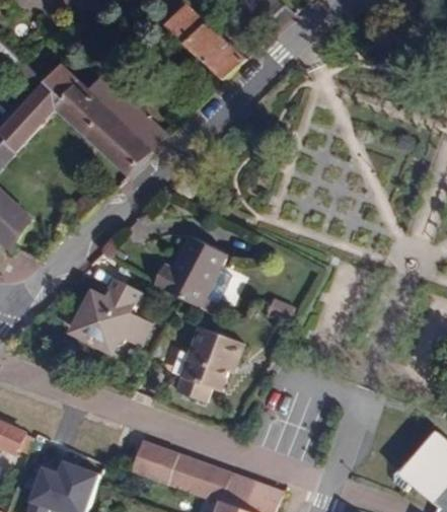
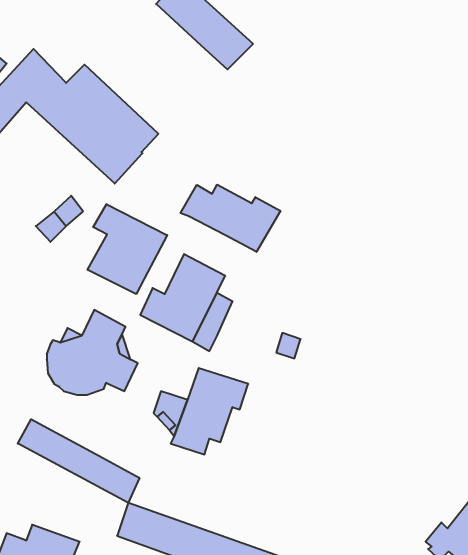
building: none -> [181,185,280,252]
building: none -> [88,204,167,294]
building: none -> [18,419,139,503]

